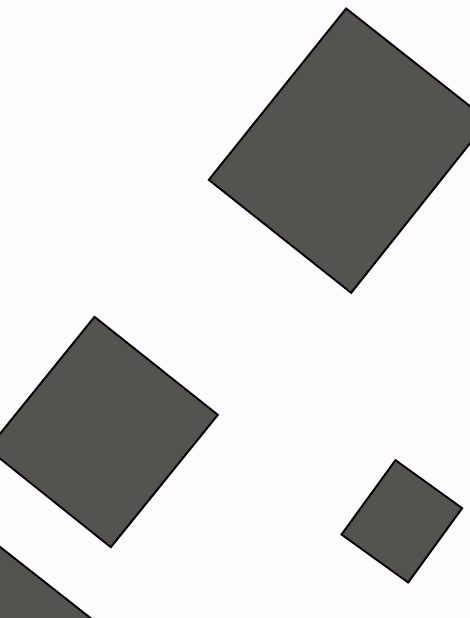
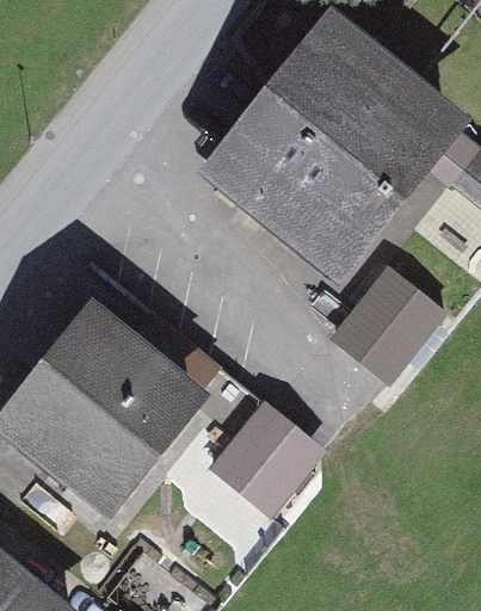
building: none -> [326,266,443,384]
building: [341,460,462,582] -> [210,407,325,523]

